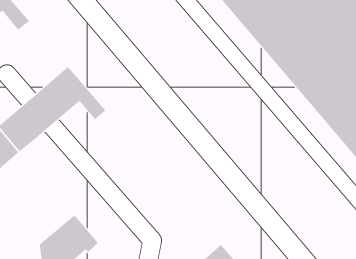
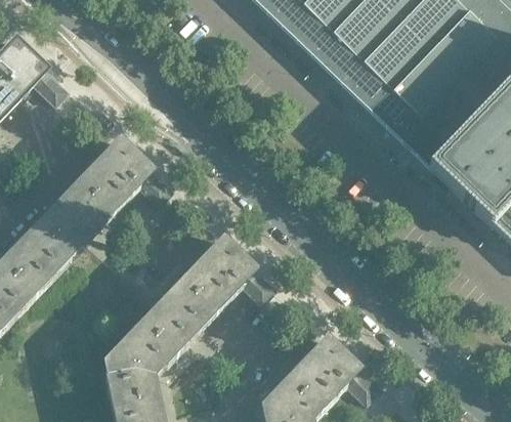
building: none -> [145,237,274,349]

